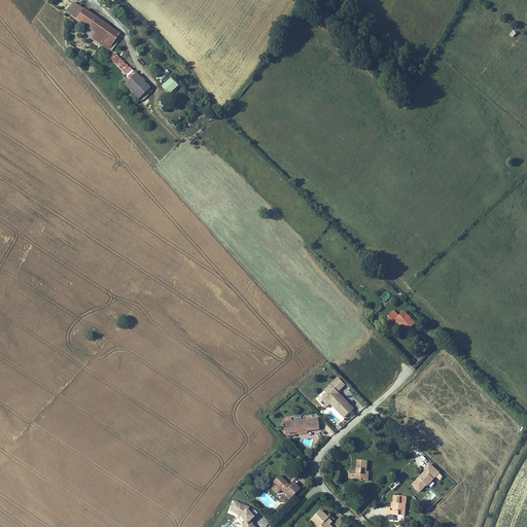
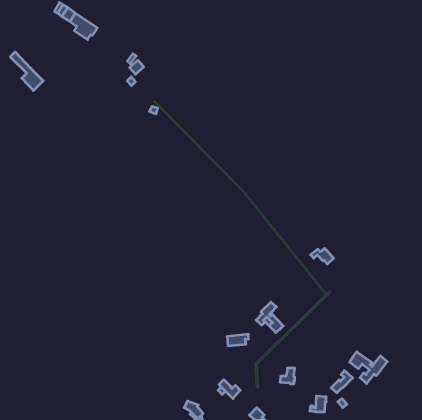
building: [110,51,151,100] -> [10,52,43,91]
building: none -> [350,352,387,384]

